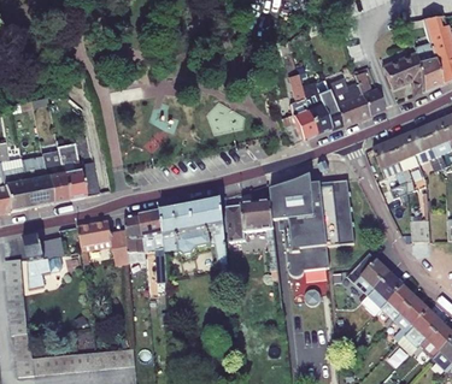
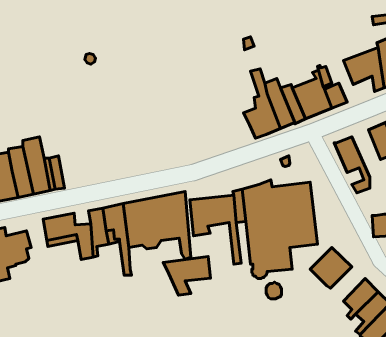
building: [389,134,418,193] -> none
building: none -> [163,256,211,295]
building: [362,272,403,313] -> none

